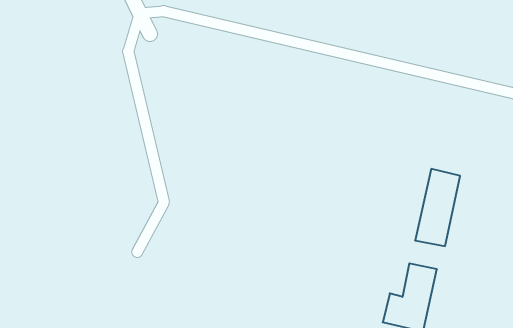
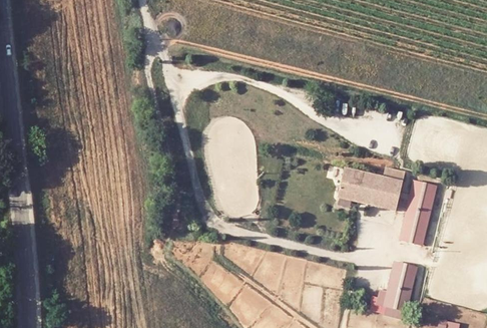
building: none -> [337,169,403,212]

